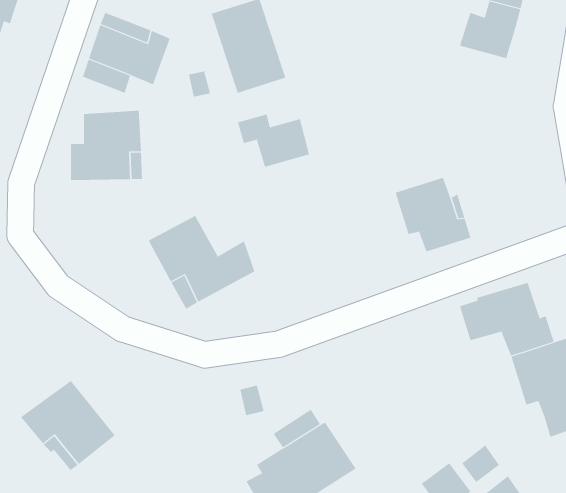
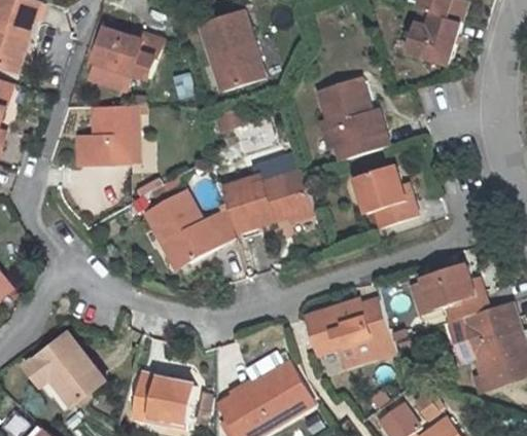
building: none -> [317,77,387,162]
building: none -> [220,170,310,233]
building: none -> [302,298,390,370]
building: none -> [139,379,201,428]

